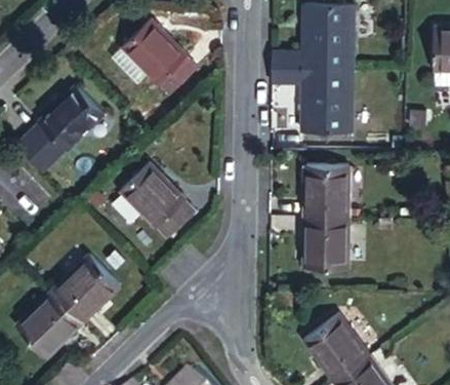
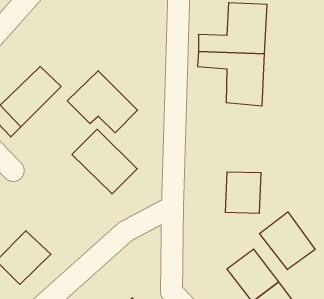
building: [113,24,199,100] -> [67,71,138,133]
building: [305,170,350,217] -> none
building: [59,252,125,316] -> none
building: none -> [260,212,315,270]

